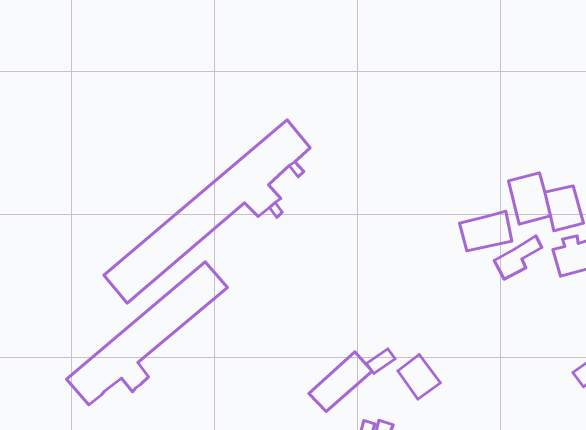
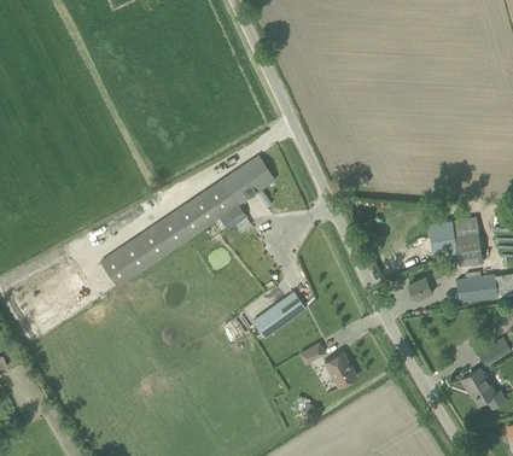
building: [459,211,512,251] -> none
building: [66,262,227,405] -> none
building: [309,352,372,412] -> [253,292,305,337]

